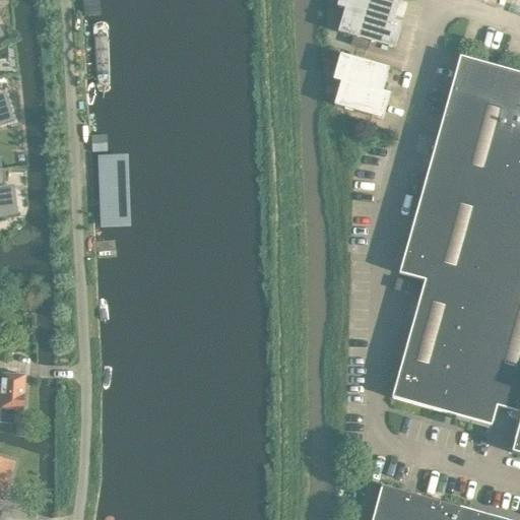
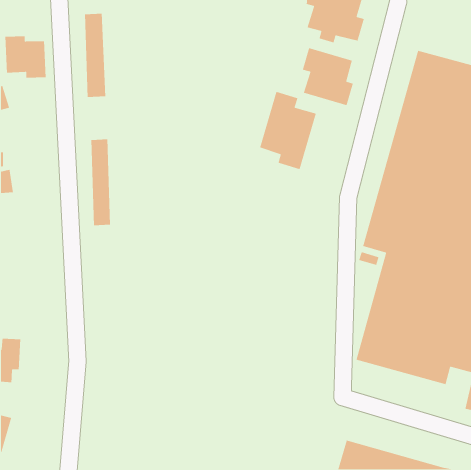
building: none -> [4,35,47,79]
building: none -> [259,91,317,170]

